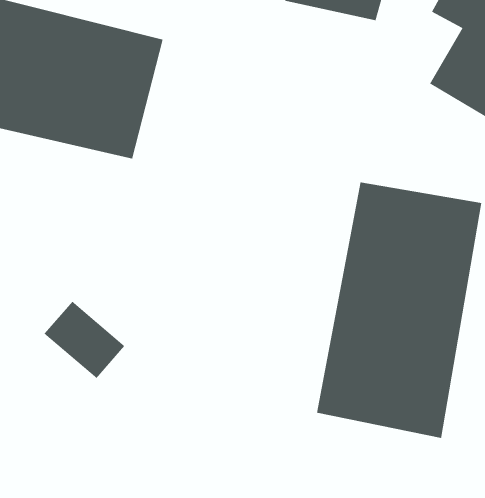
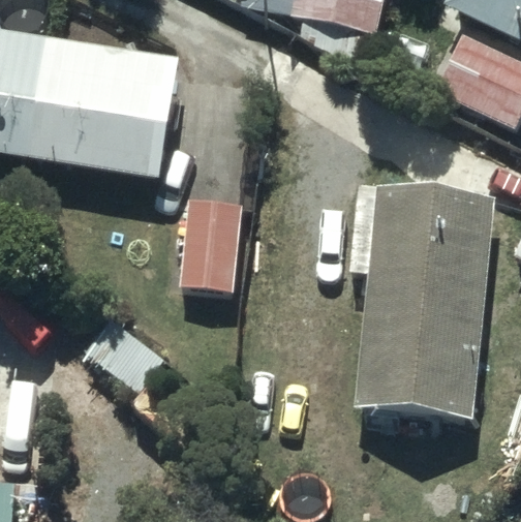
building: none -> [184,196,249,293]

